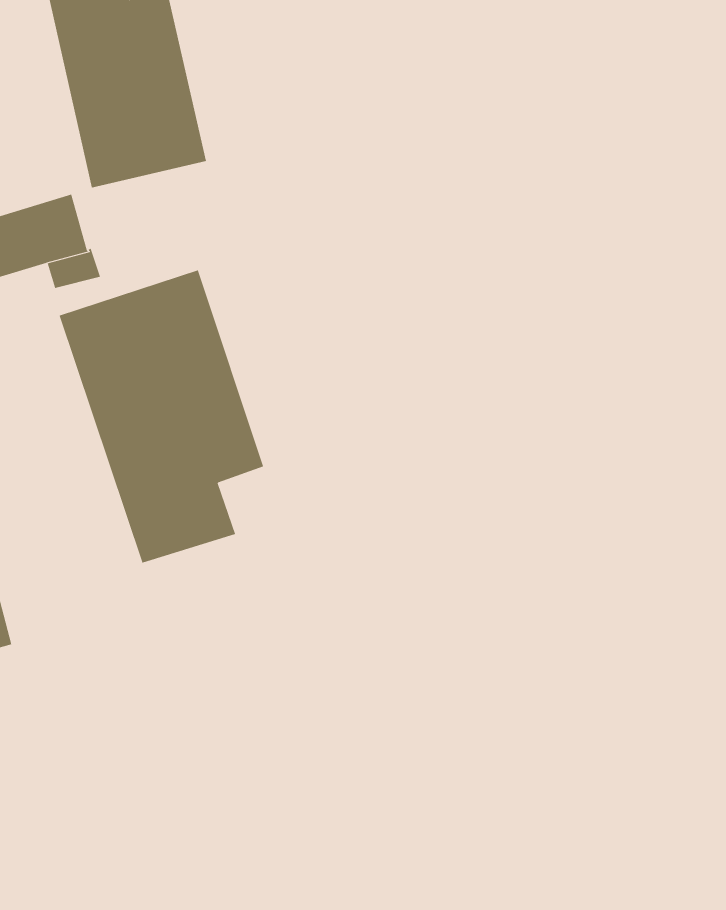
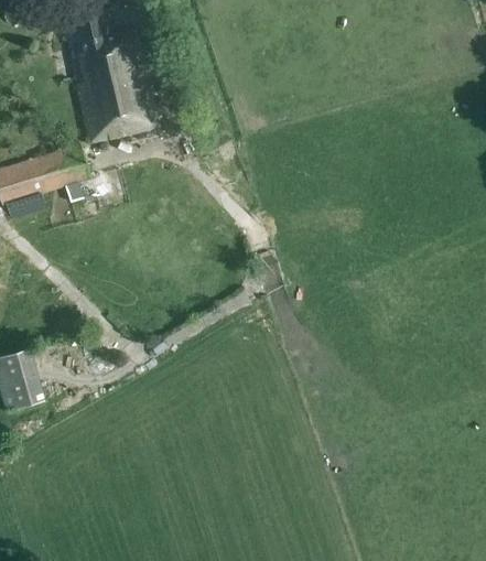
building: [59,270,264,564] -> none

